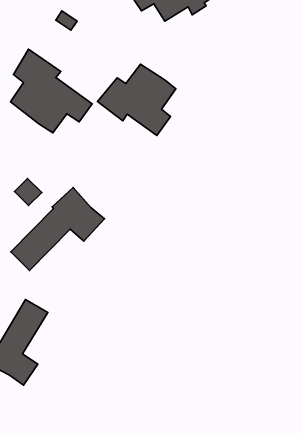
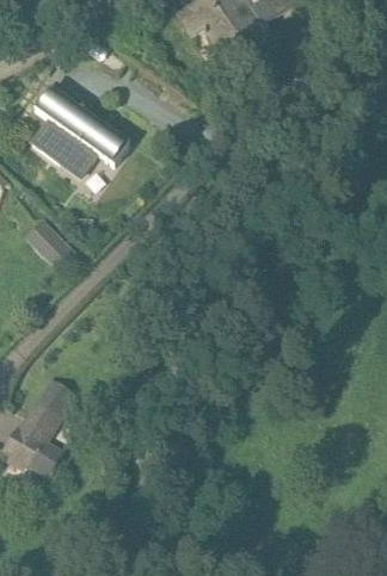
building: [97,64,176,135] -> none
building: [11,188,105,270] -> none

